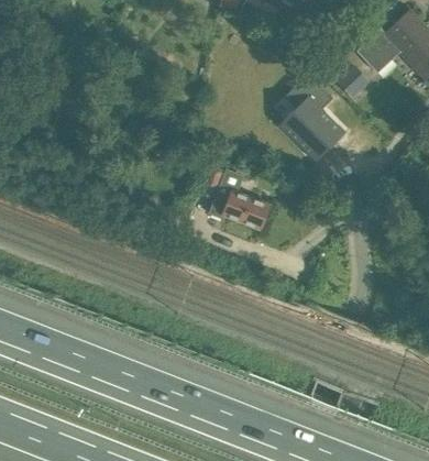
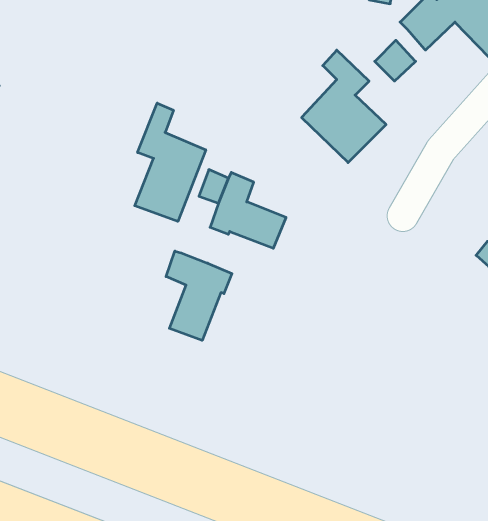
building: none -> [135,103,206,221]
building: none -> [166,251,232,340]

